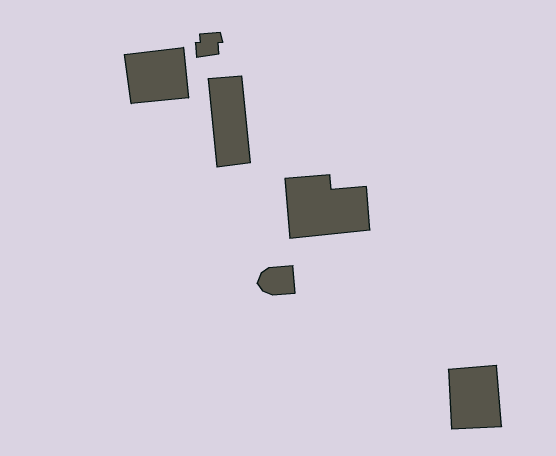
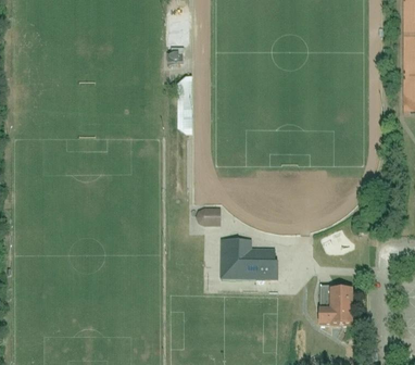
building: [124,47,188,104] -> none
building: [285,175,370,238] -> [222,239,276,279]

